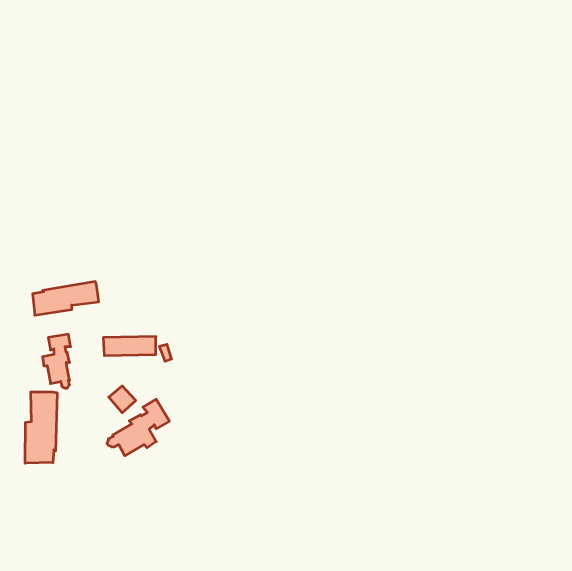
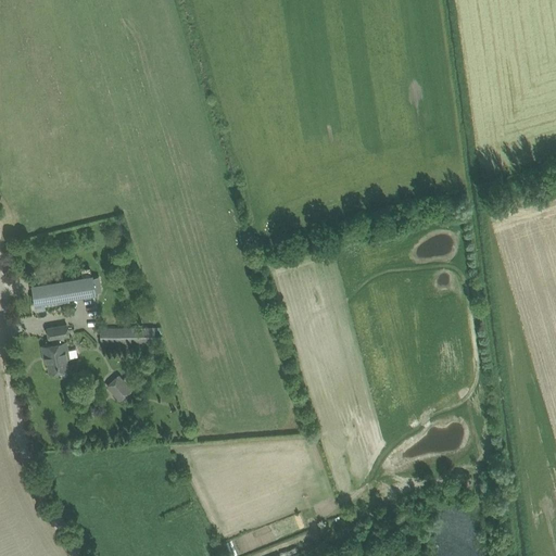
building: [25,392,57,463] -> none
building: [107,399,169,456] -> none

